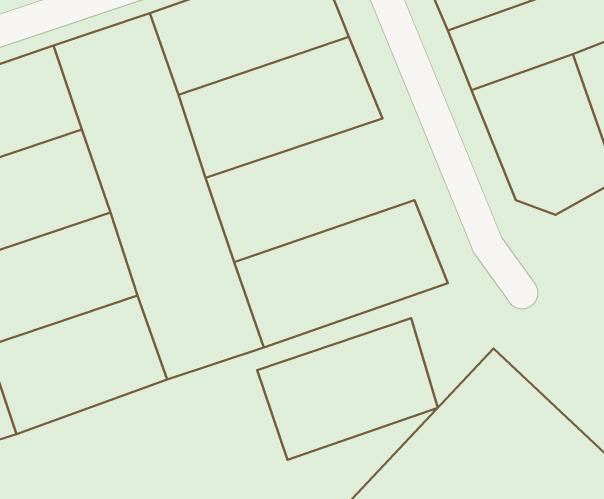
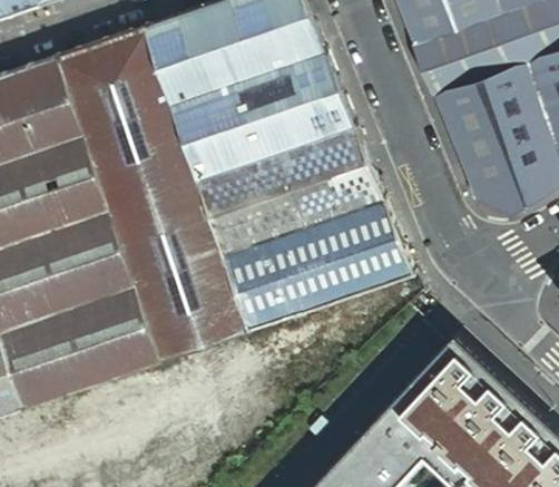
building: none -> [196,124,384,253]
building: [257,318,438,460] -> none

